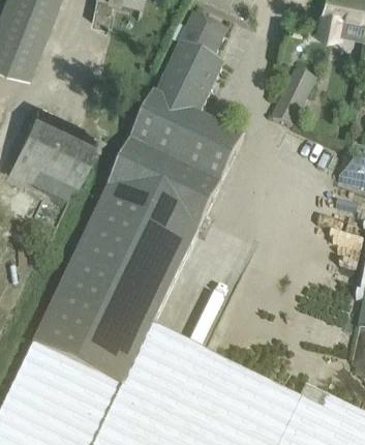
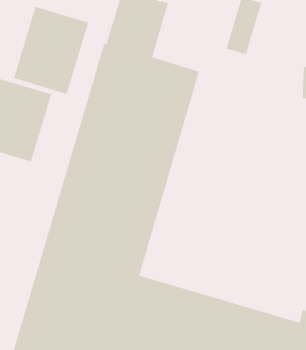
building: none -> [13,6,89,95]

